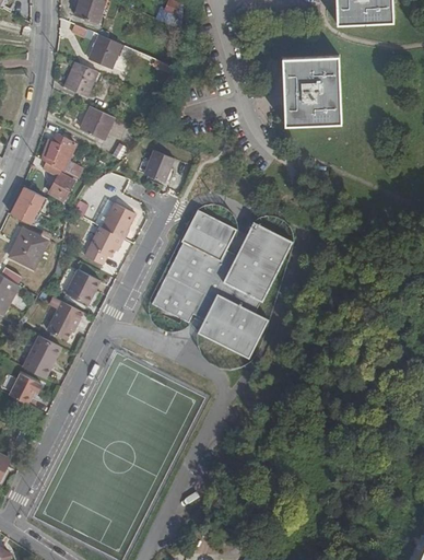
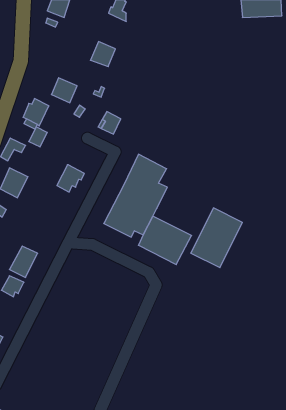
building: [87,35,121,69] -> [90,42,115,67]
building: [282,57,340,126] -> none
building: [63,62,97,96] -> none
building: [102,201,134,236] -> none
building: [222,222,292,303] -> [191,208,242,268]
building: [67,268,102,302] -> none
building: [48,306,79,337] -> none

